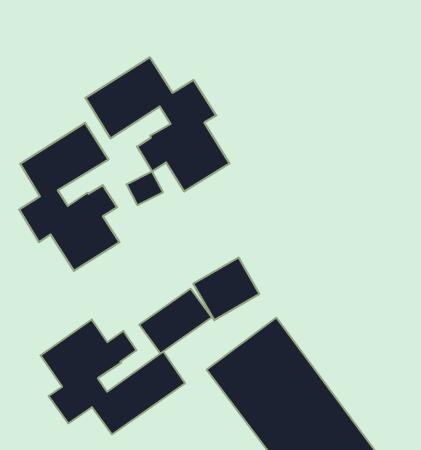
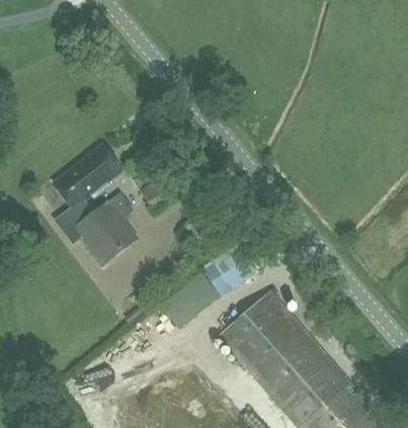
building: [85,57,230,192] -> none
building: [40,319,185,434] -> none

